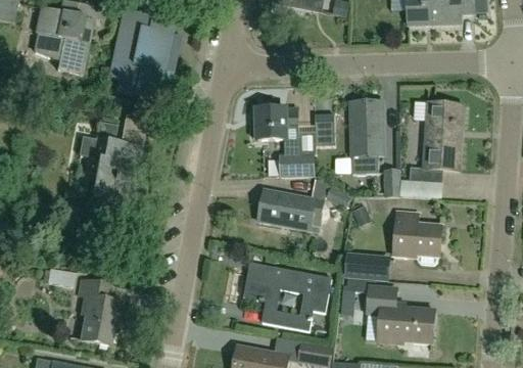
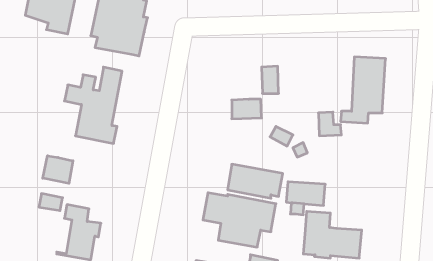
building: [350,100,383,172] -> none
building: [256,106,299,147] -> none
building: [258,189,325,230] -> [228,164,283,198]
building: [393,211,441,256] -> none
building: none -> [43,156,73,183]

